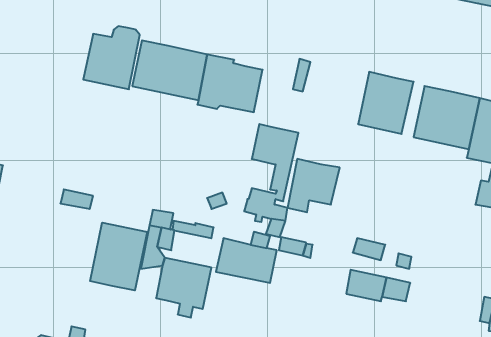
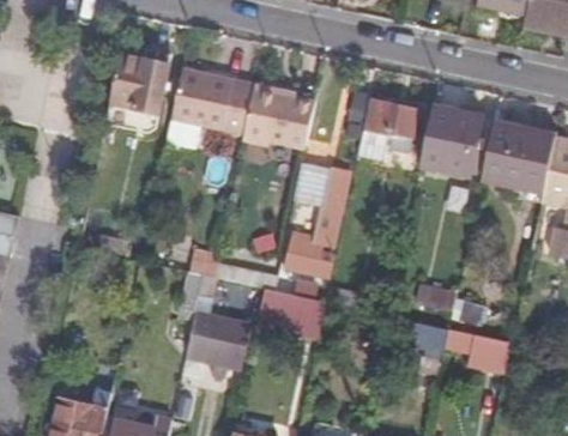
building: [288,159,340,212] -> [363,102,421,161]
building: [90,223,147,290] -> none
building: none -> [466,337,508,376]

